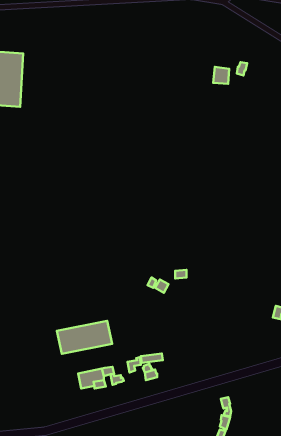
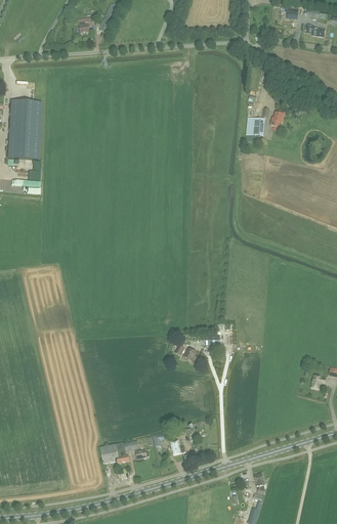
building: [57,321,112,354] -> none

